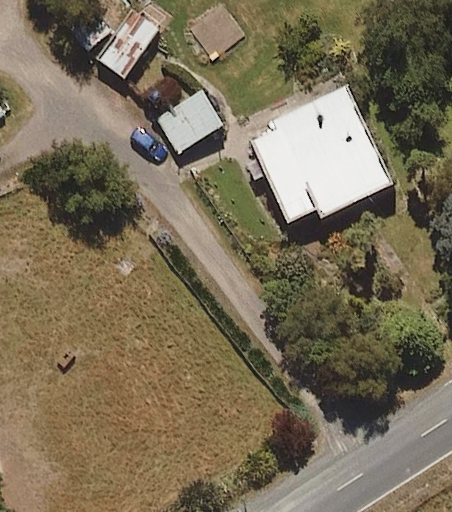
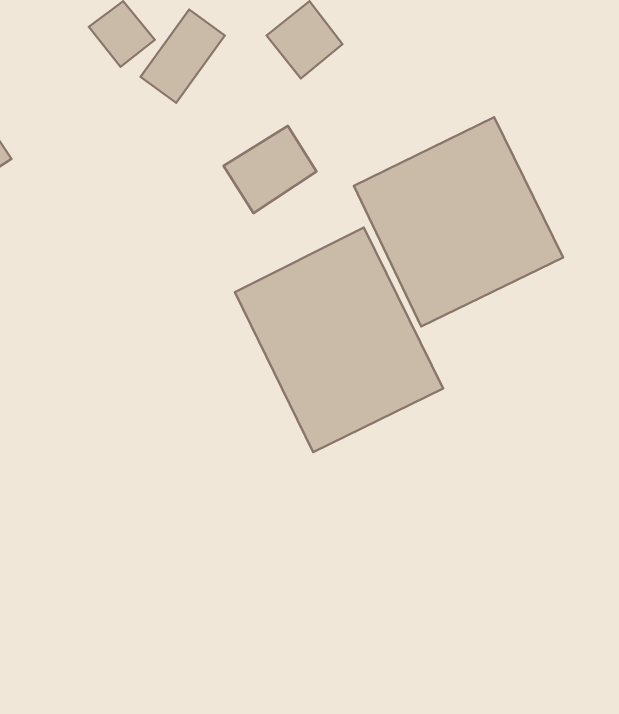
building: none -> [235,227,443,452]

